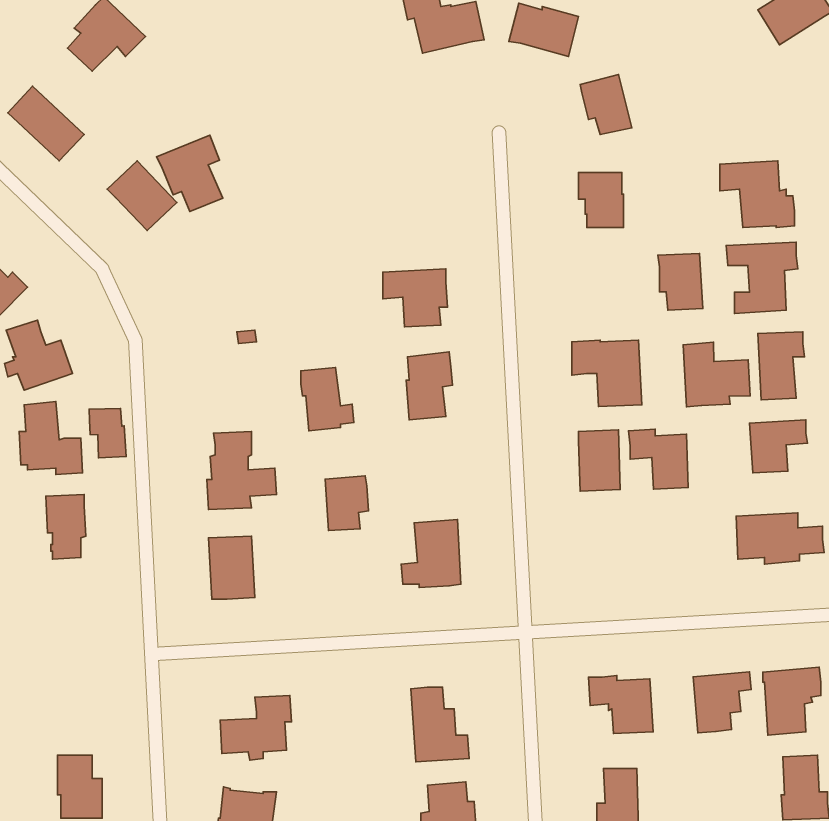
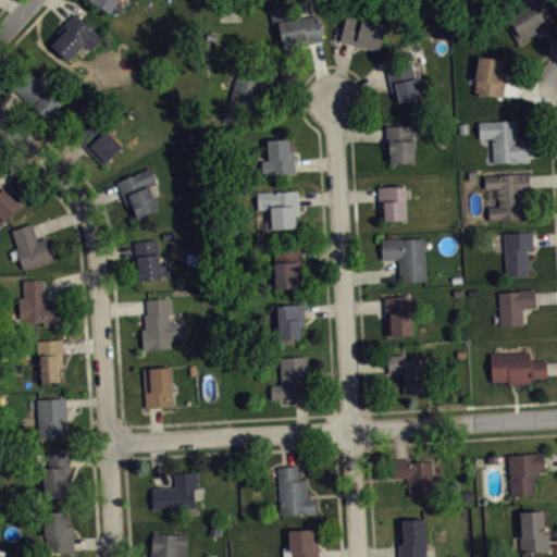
building: none -> [473,58,506,99]
building: none -> [230,69,278,112]
building: [157,135,223,211] -> [116,170,160,220]
building: none -> [262,140,296,176]
building: [658,254,703,310] -> [379,187,408,224]
building: [683,342,750,407] -> none
building: [301,368,354,431] -> [135,242,170,283]
building: [89,408,126,458] -> none
building: [628,429,688,489] -> [388,356,428,395]
building: [325,476,368,531] -> [277,306,306,342]
building: none -> [38,398,67,438]
building: none -> [44,453,71,499]
building: [693,672,751,733] -> none

